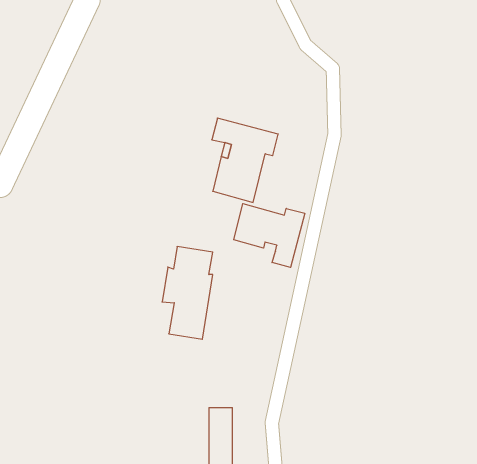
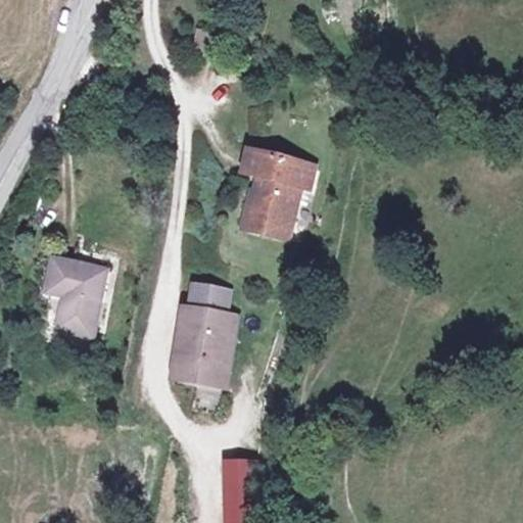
building: [234,204,305,267] -> none
building: none -> [48,254,106,332]

